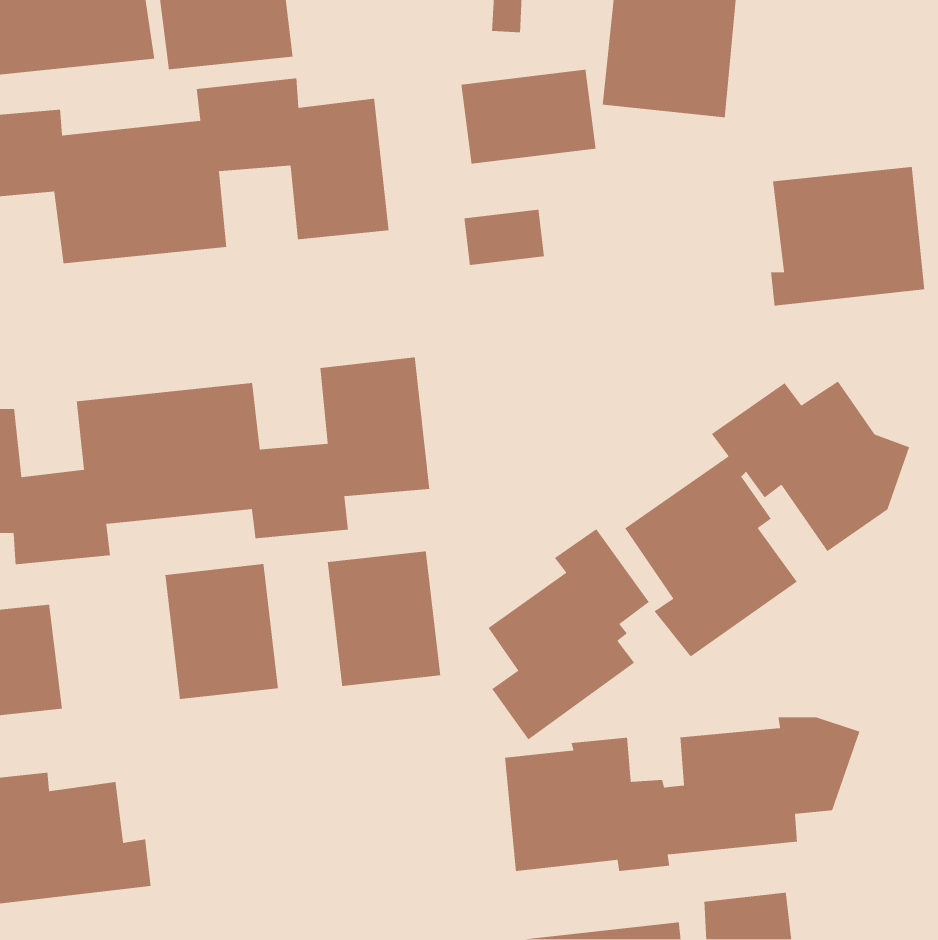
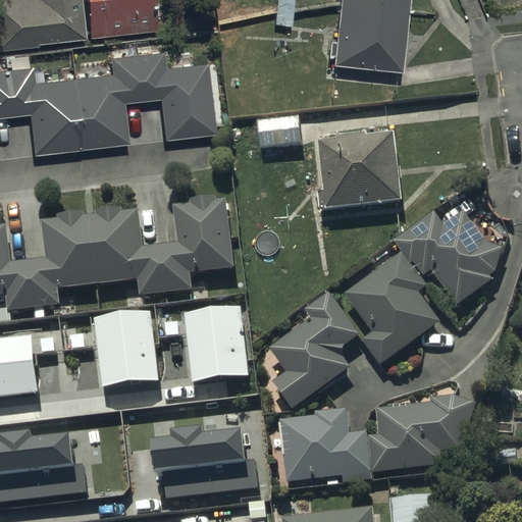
building: [460,69,597,165] -> none
building: [770,166,925,306] -> [318,135,404,212]
building: none -> [146,423,255,498]

